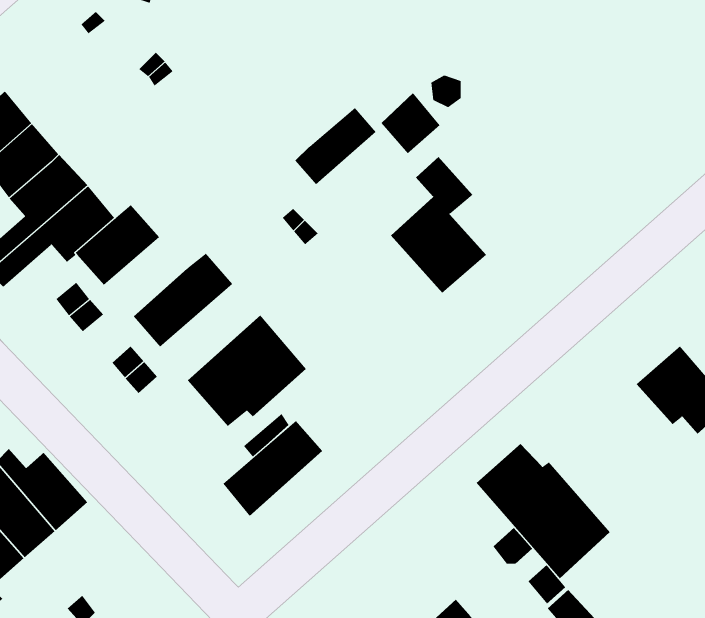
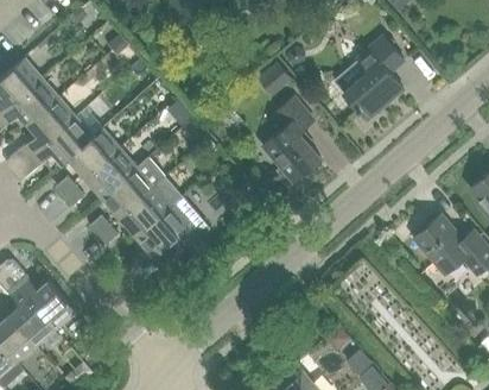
building: none -> [342,33,404,120]
building: [294,107,376,185] -> none
building: none -> [85,147,136,196]
building: [223,420,323,517] -> [120,176,182,235]
building: [476,443,611,579] -> none

